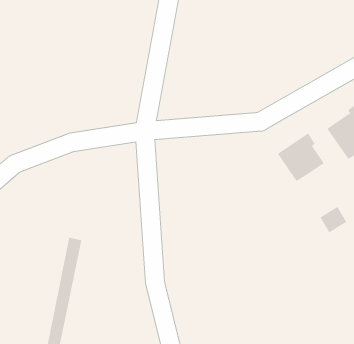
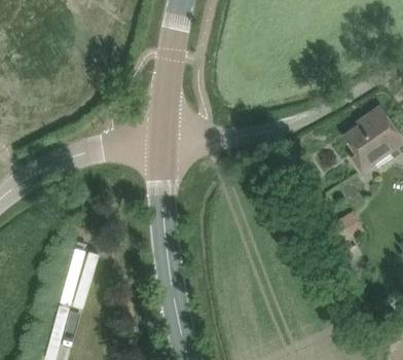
building: [277,133,324,182] -> none

